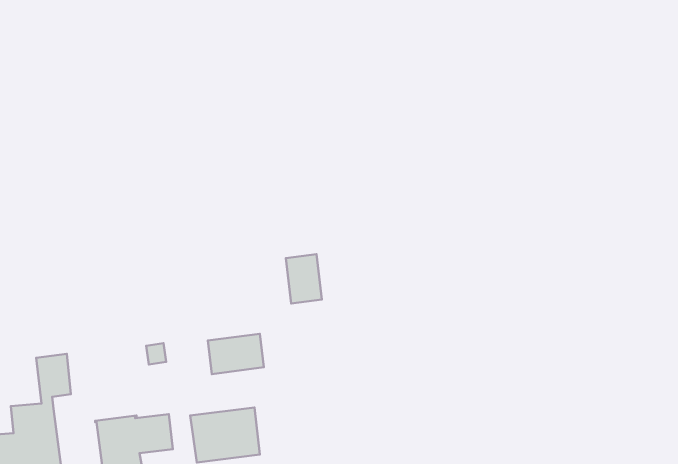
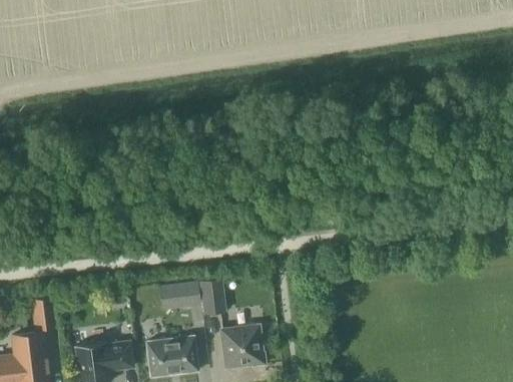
building: [286,254,322,304] -> [198,278,225,315]
building: none -> [220,326,265,367]

